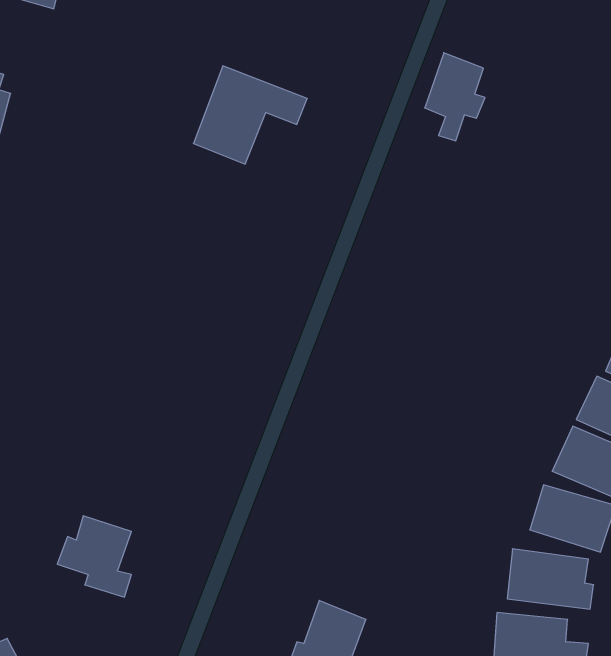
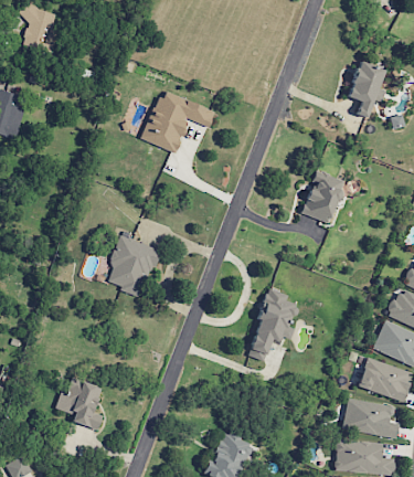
building: [425,53,485,141] -> [348,61,386,117]
building: none -> [302,170,346,223]
building: none -> [107,236,158,297]
building: none -> [247,288,298,361]

